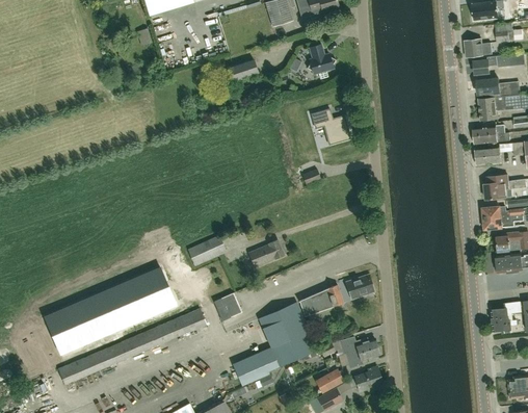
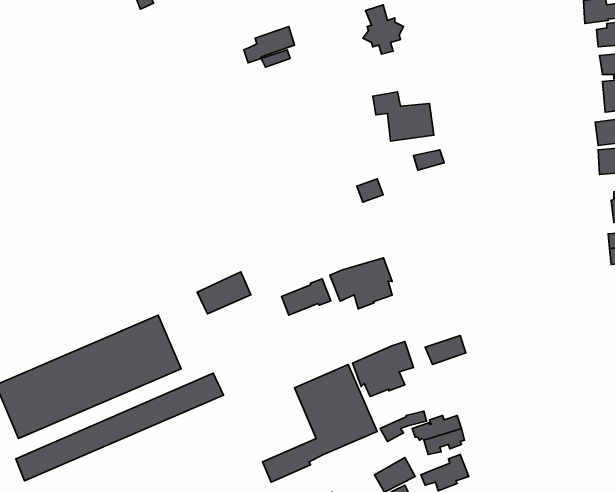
building: none -> [330,258,392,309]
building: [214,293,241,319] -> none

